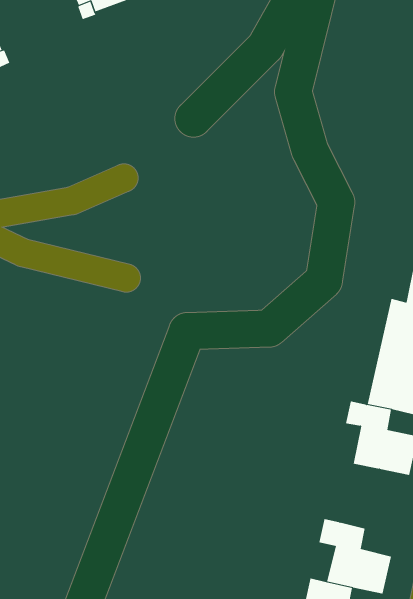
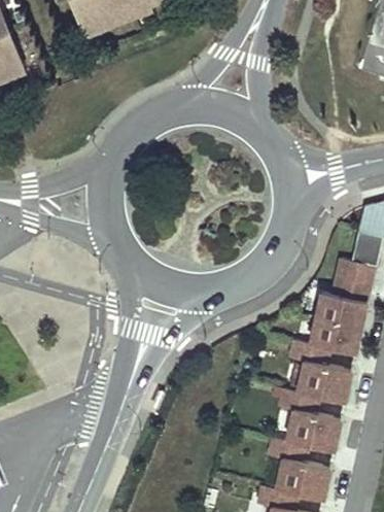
building: none -> [282,390,343,451]

